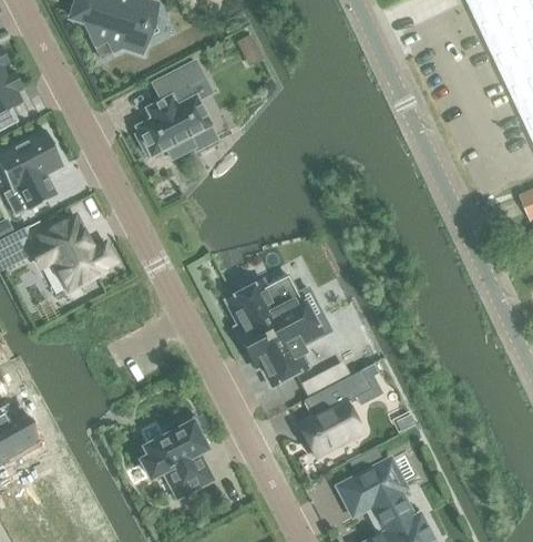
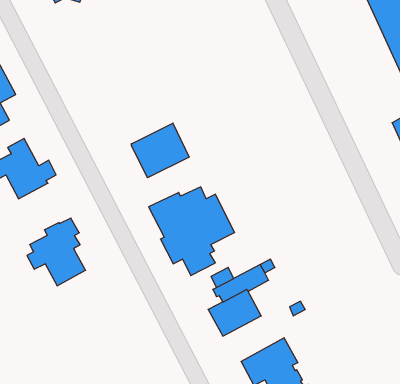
building: [136,62,213,160] -> none
building: none -> [131,123,189,178]
building: [142,416,213,498] -> [27,218,86,286]

